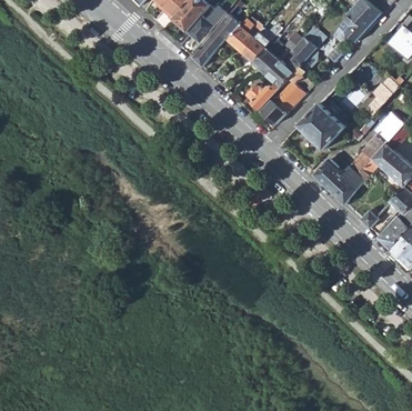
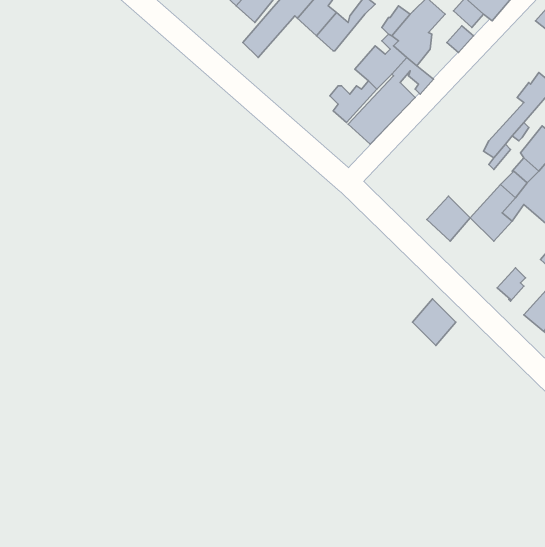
building: [251,37,281,73] -> none
building: [298,101,344,148] -> none
building: [329,172,358,203] -> [412,299,456,346]

